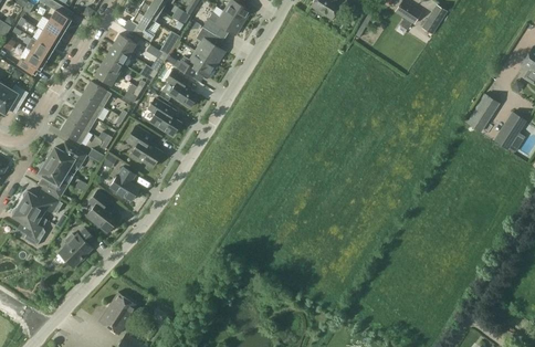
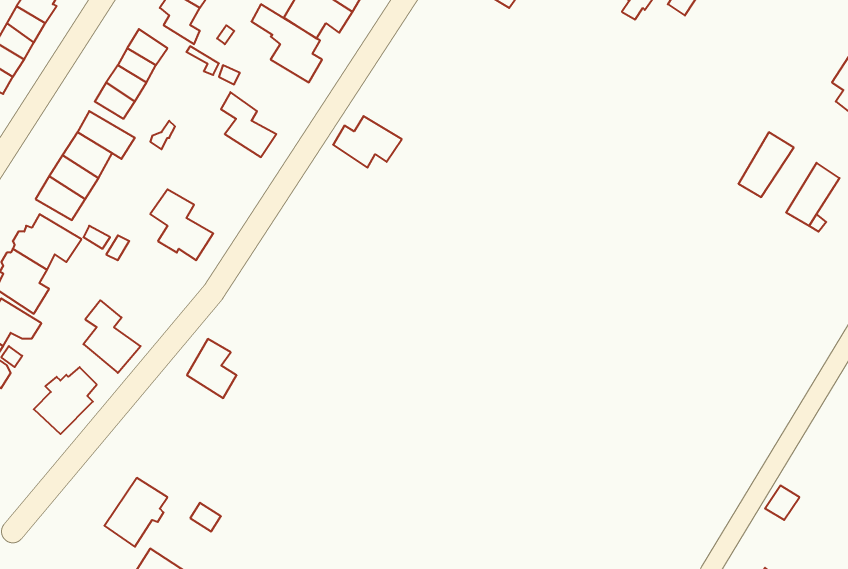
building: [178,51,218,81] -> [333,116,402,168]
building: [148,98,181,135] -> none
building: [111,167,139,201] -> [187,339,237,398]

